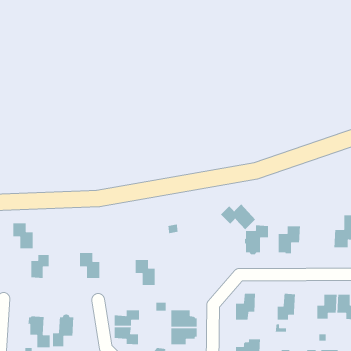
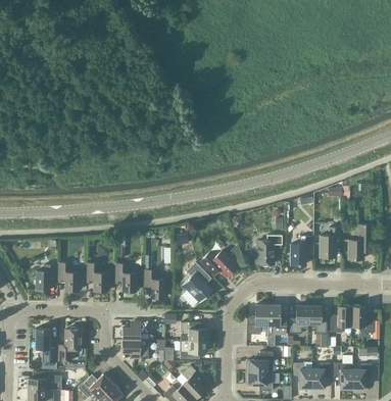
building: [220,204,256,230] -> [201,250,238,278]
building: none -> [320,228,342,261]
building: [13,222,33,249] -> [58,263,80,291]
building: none -> [182,262,213,303]
building: none -> [115,263,137,292]
building: none -> [267,305,287,335]
building: none -> [308,306,329,347]

